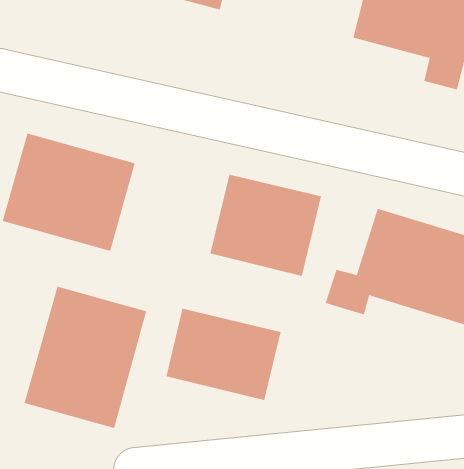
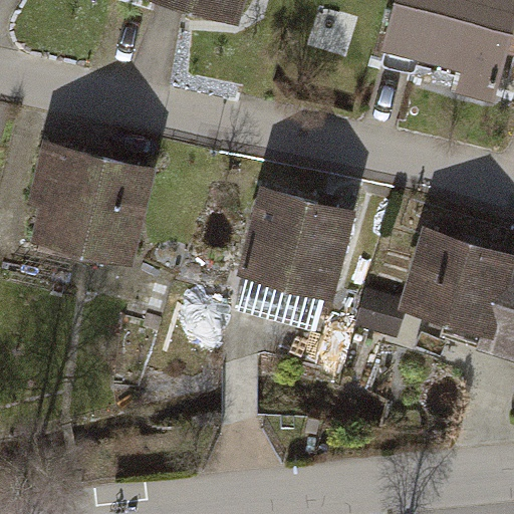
building: [24,286,147,429] -> none
building: [166,308,281,401] -> none

